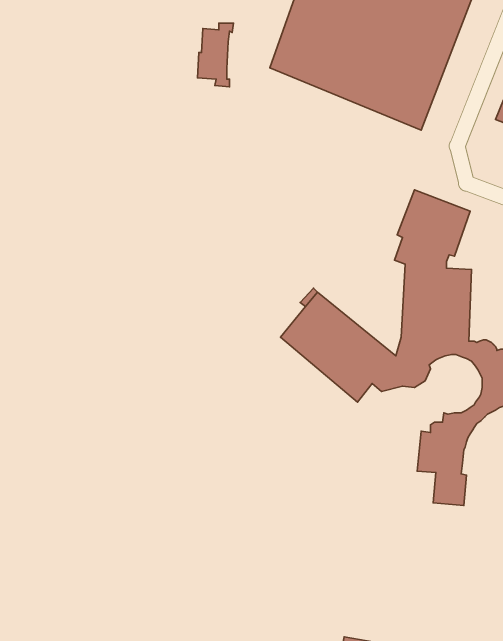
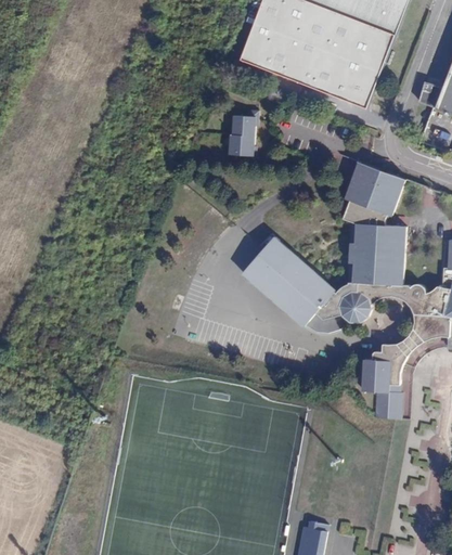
building: [197,23,233,87] -> [230,109,259,162]

